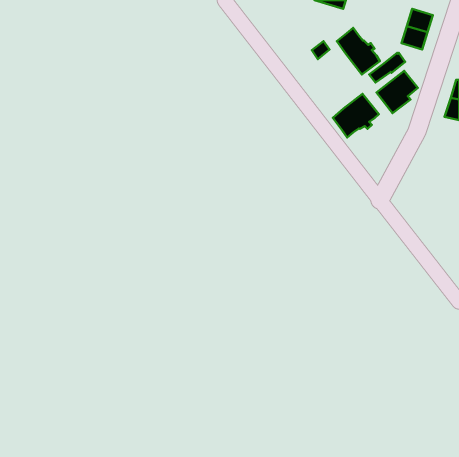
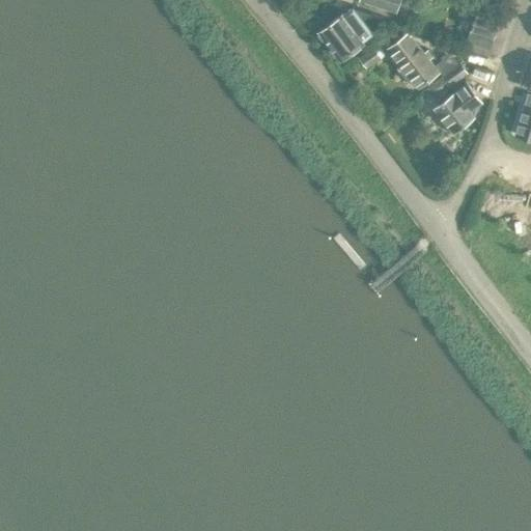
building: none -> [319,6,374,60]
building: [333,94,379,137] -> none

